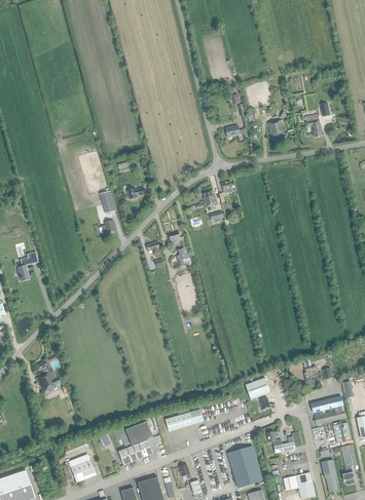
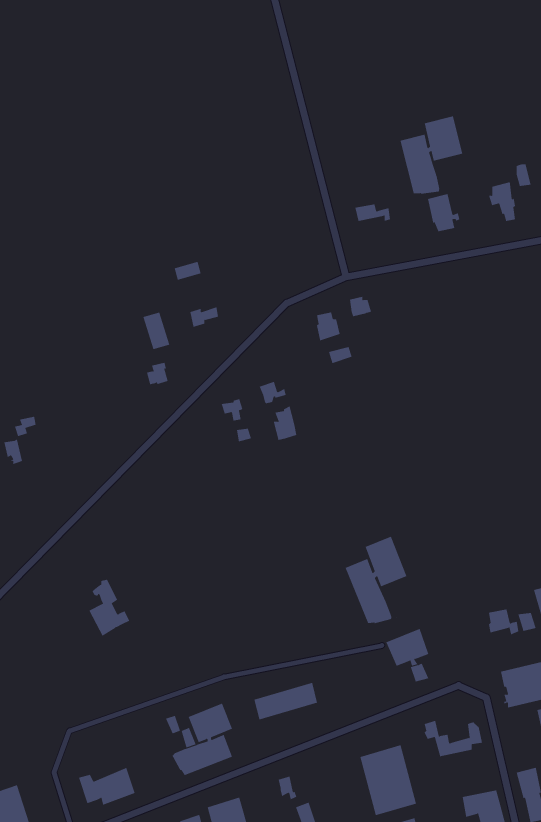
building: none -> [400,116,463,195]
building: none -> [345,536,407,624]
building: [36,358,61,392] -> [88,579,130,636]

